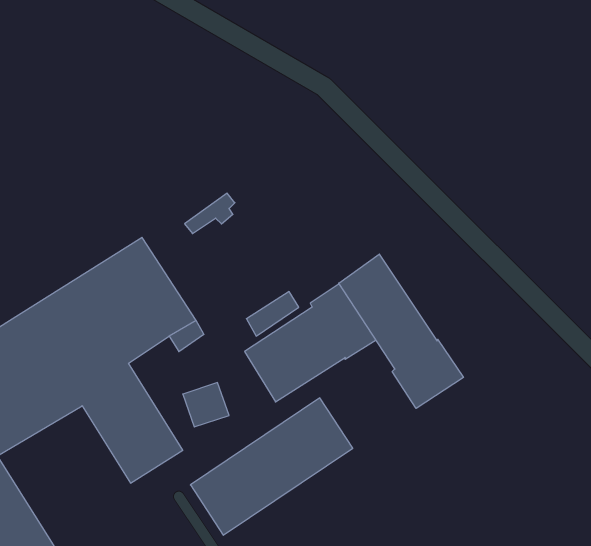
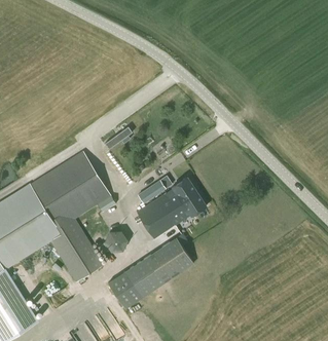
building: [339,254,463,408] -> none

